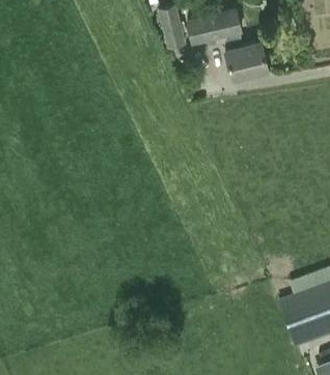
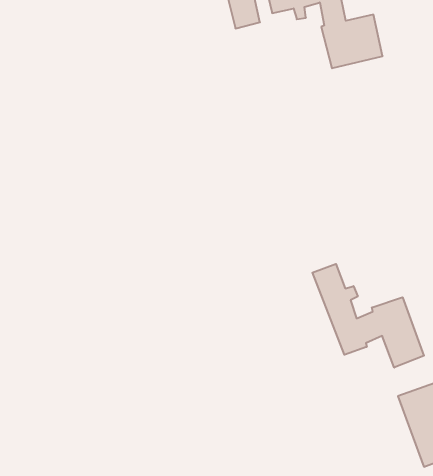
building: none -> [312,264,424,368]

